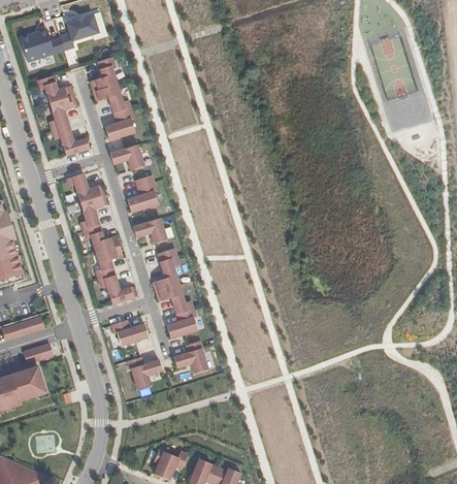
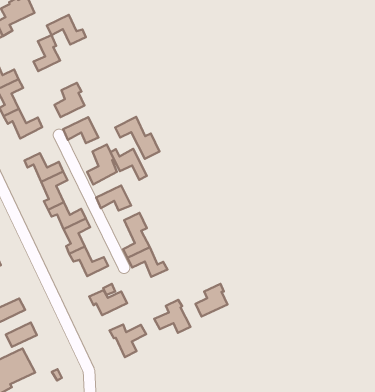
building: [94,84,131,114] -> [47,15,86,45]
building: none -> [115,117,160,159]
building: none -> [110,149,147,180]
building: [166,309,198,338] -> [196,284,228,316]

